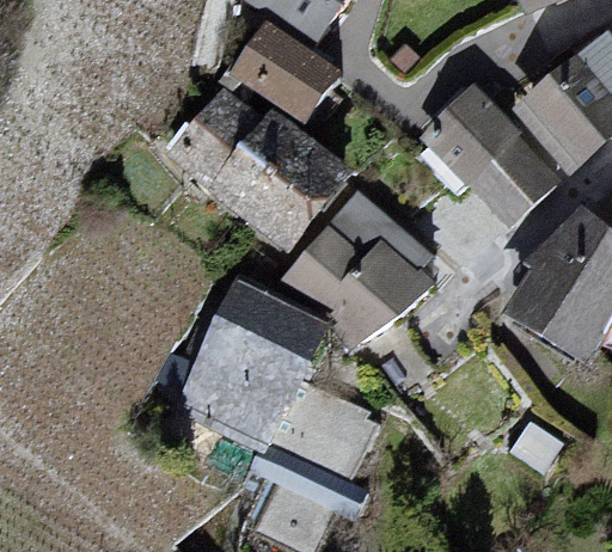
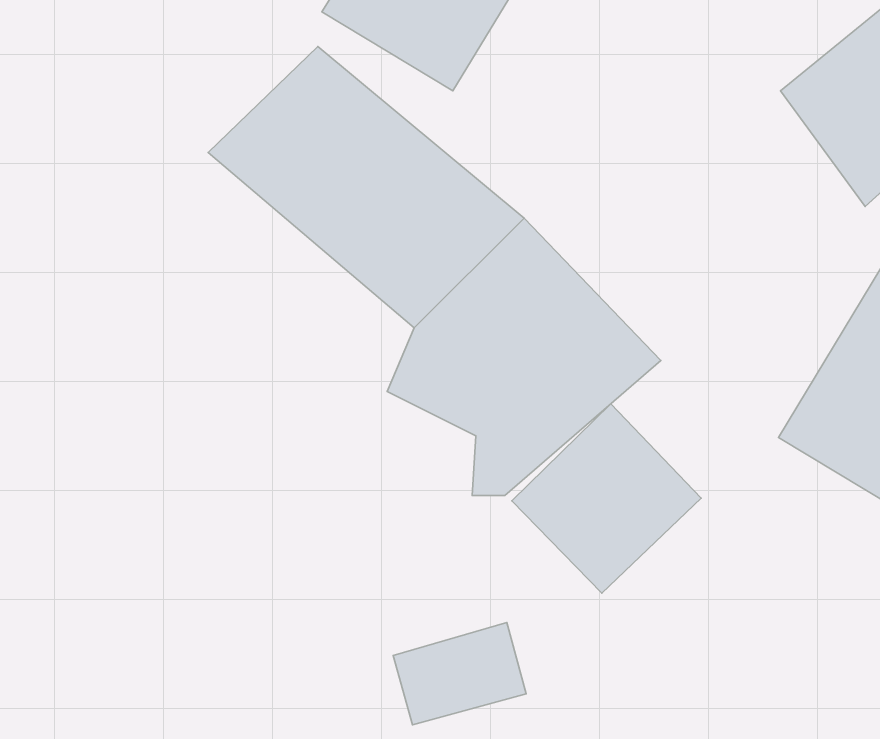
building: [415,78,556,232] -> none
building: [179,275,330,453] -> none
building: none -> [512,404,701,593]

